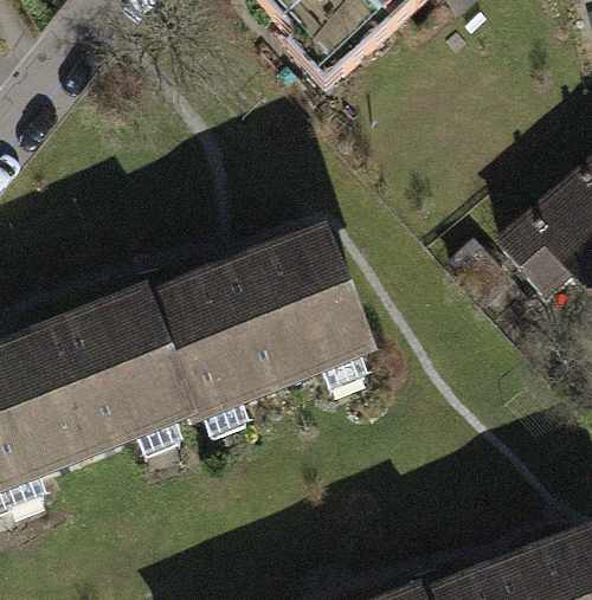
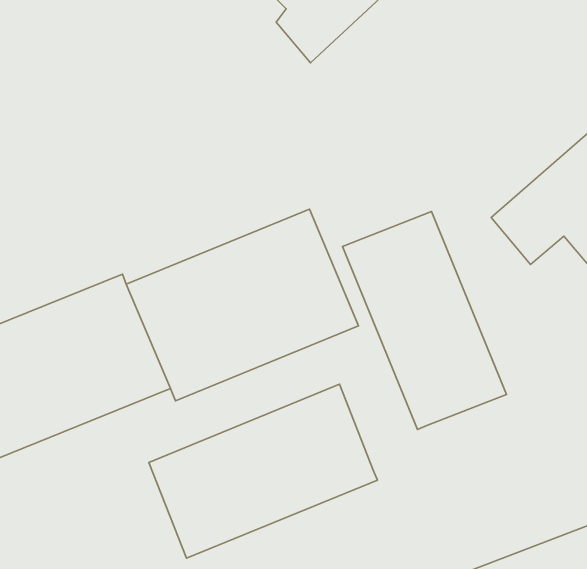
building: none -> [343,212,506,429]
building: none -> [149,384,377,558]

